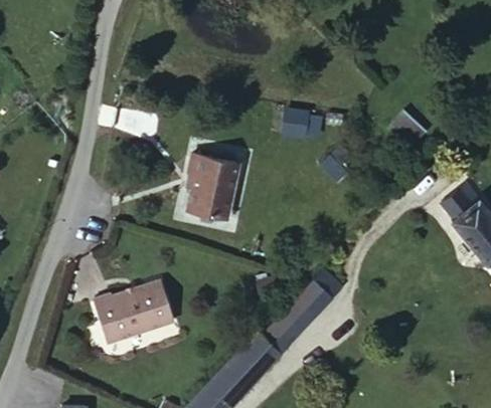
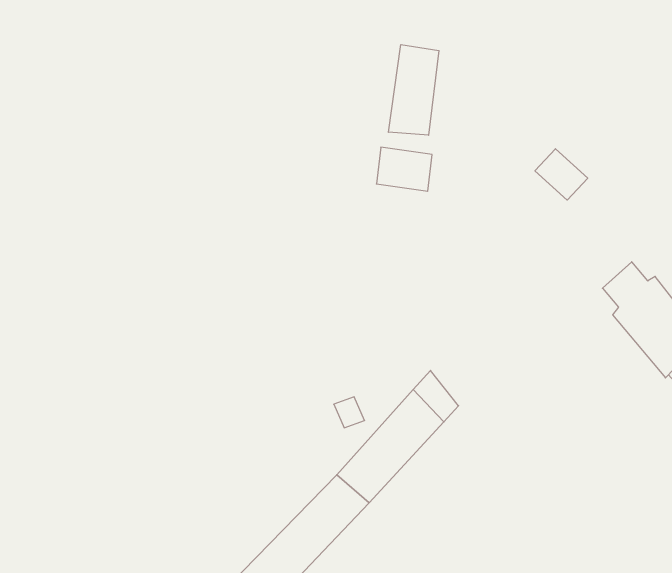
building: none -> [388,45,439,135]
building: [185,157,236,221] -> none
building: [93,280,172,342] -> none

